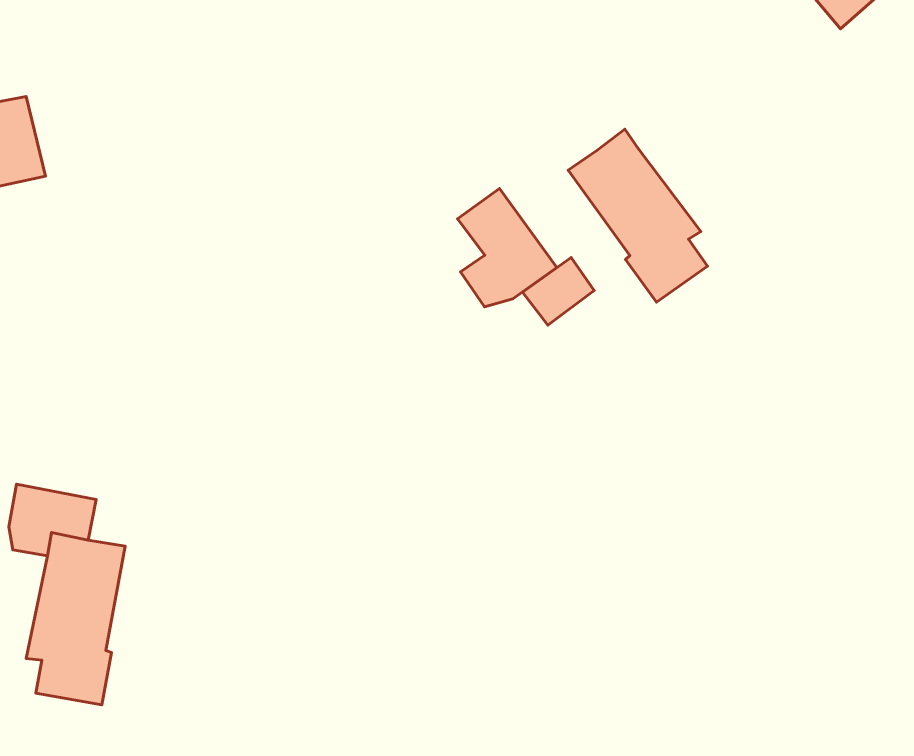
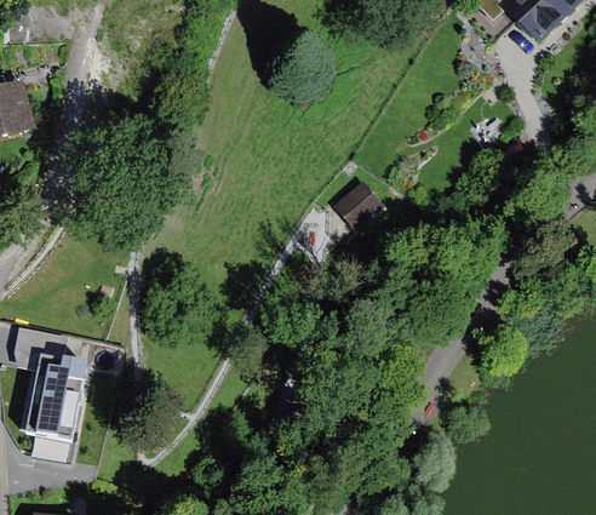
building: [568,129,708,302] -> none
building: [457,189,557,307] -> none

